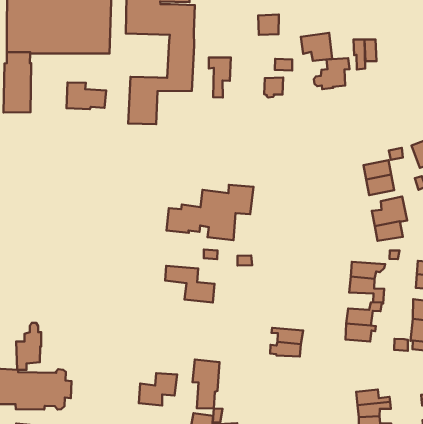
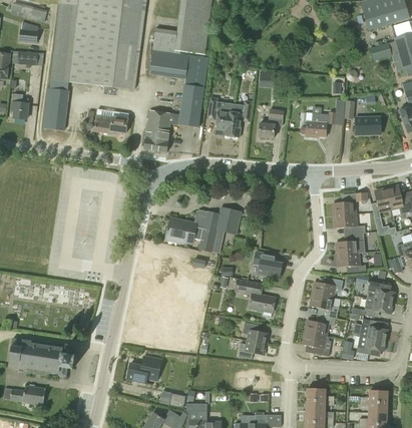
building: [301,33,332,61] -> none
building: none -> [356,113,380,134]
building: none -> [224,103,245,137]
building: none -> [254,252,282,279]
building: [165,266,215,302] -> [235,279,275,313]
building: [16,323,41,370] -> none
building: [192,360,220,408] -> none

